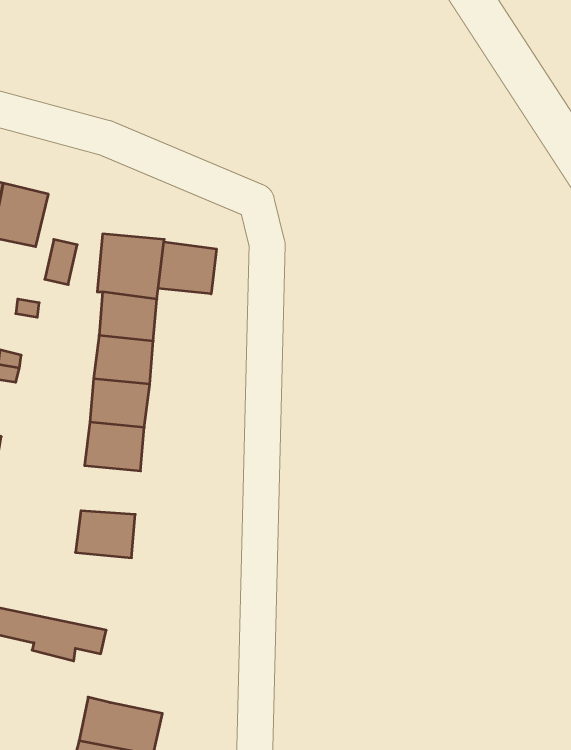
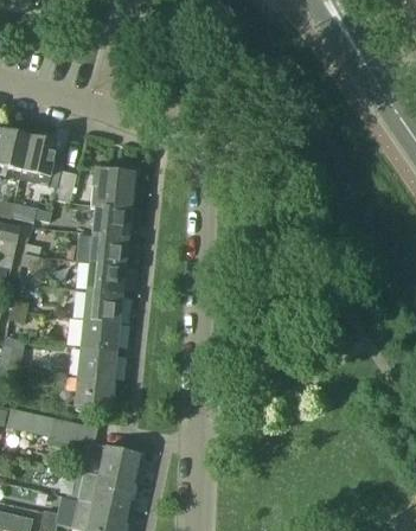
building: [158,242,216,294] -> none
building: none -> [81,320,120,352]
building: none -> [75,377,114,409]
building: none -> [100,446,140,482]

